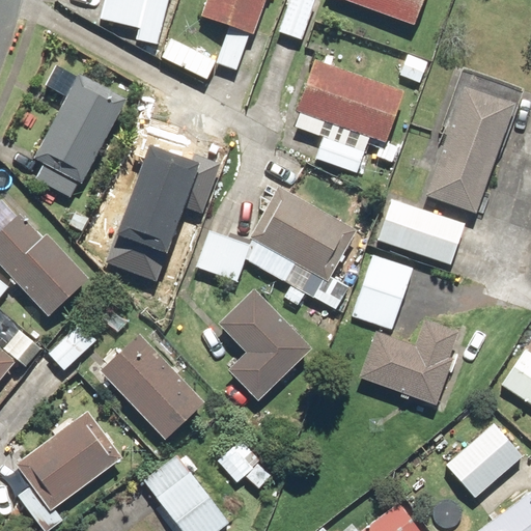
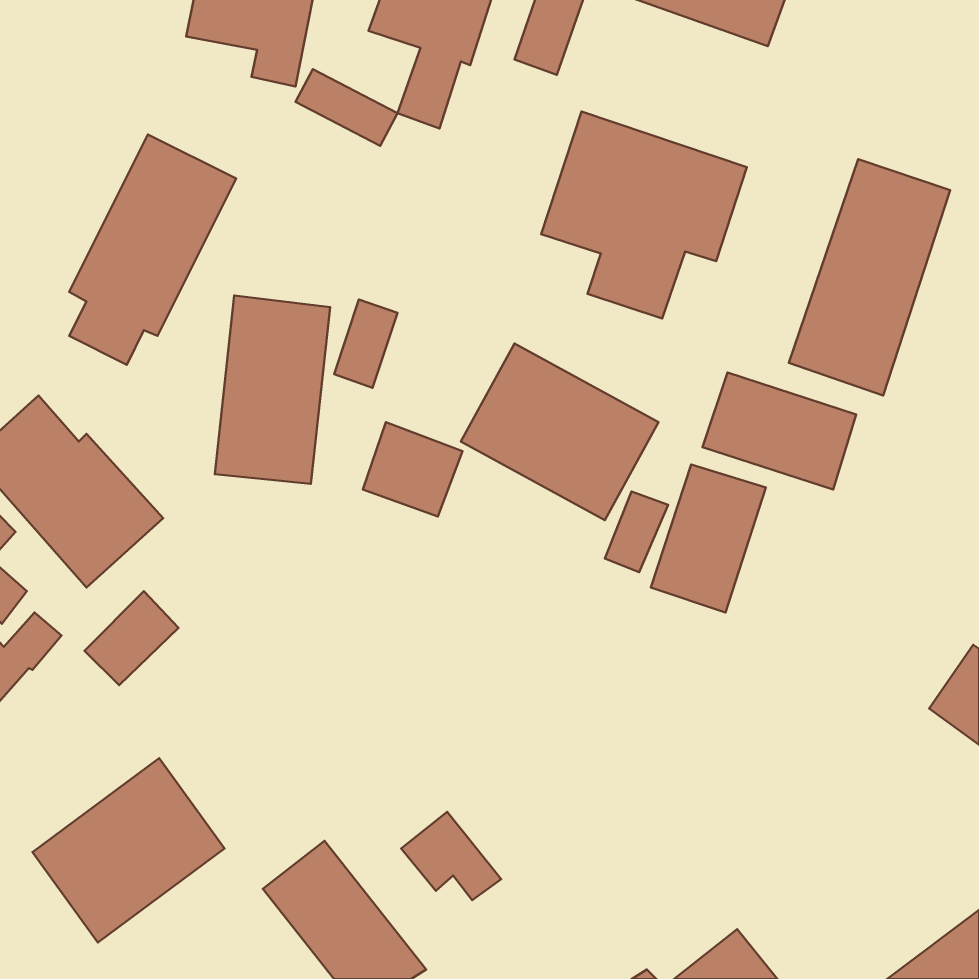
building: [218,288,312,399] -> none
building: [362,317,456,407] -> none
building: [103,334,206,440] -> none
building: [446,422,522,497] -> none

